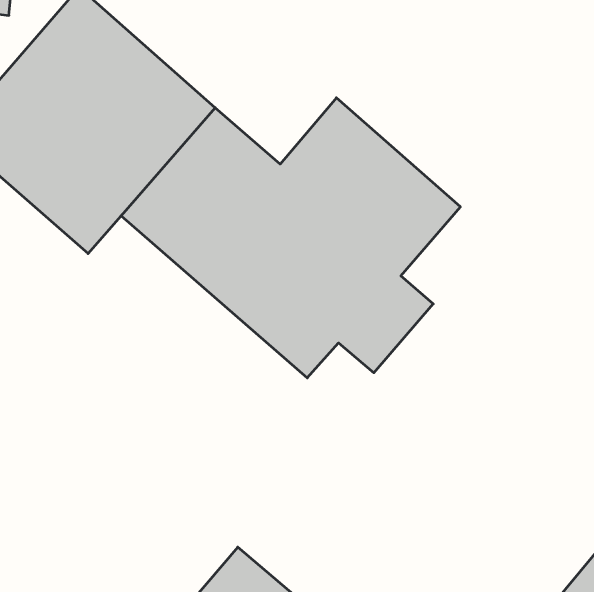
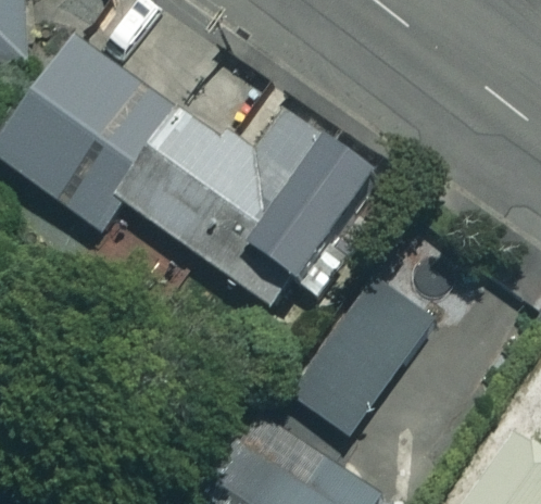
building: none -> [288,275,437,436]

